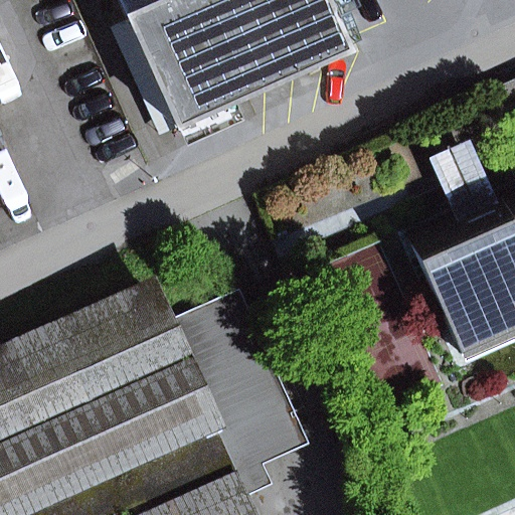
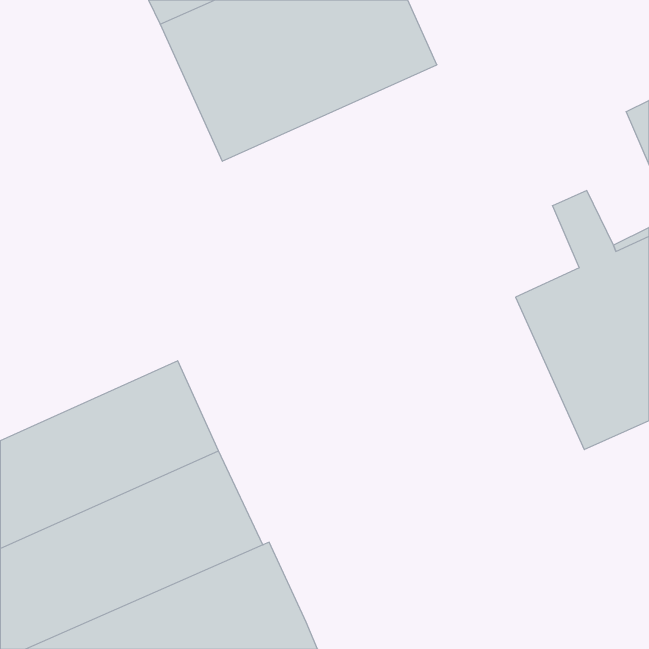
building: [167,298,299,493] -> none

